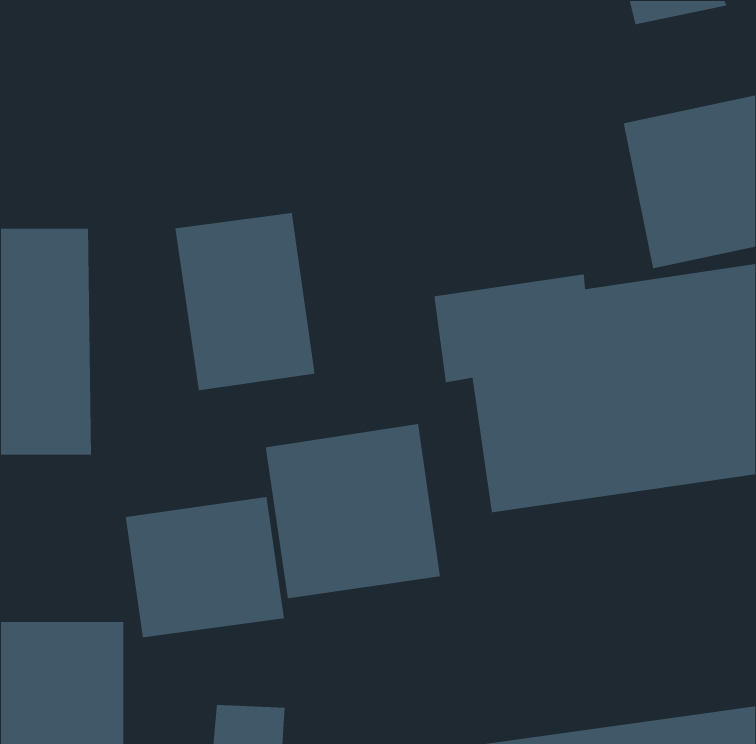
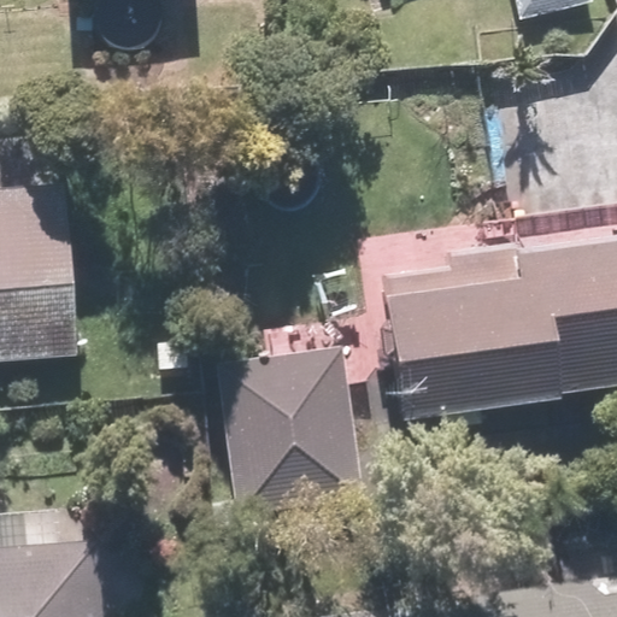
building: [174,212,316,391] -> none
building: [125,496,285,638] -> none

